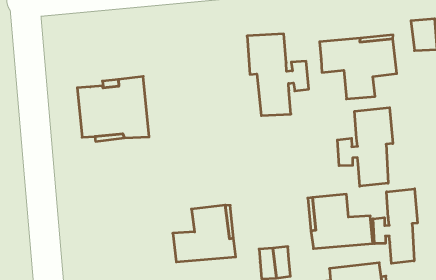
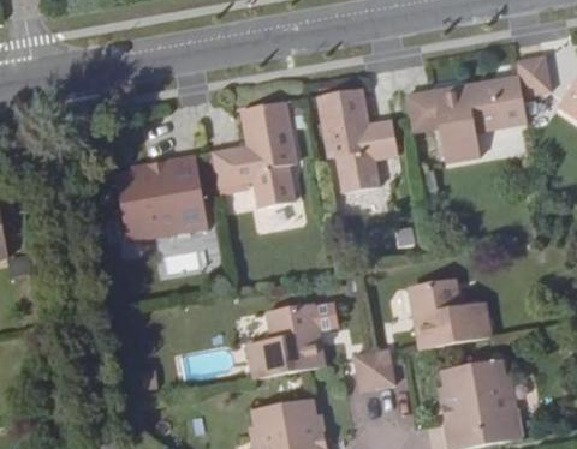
building: none -> [213,102,293,206]
building: [337,108,393,186] -> none
building: [373,189,417,263] -> none

